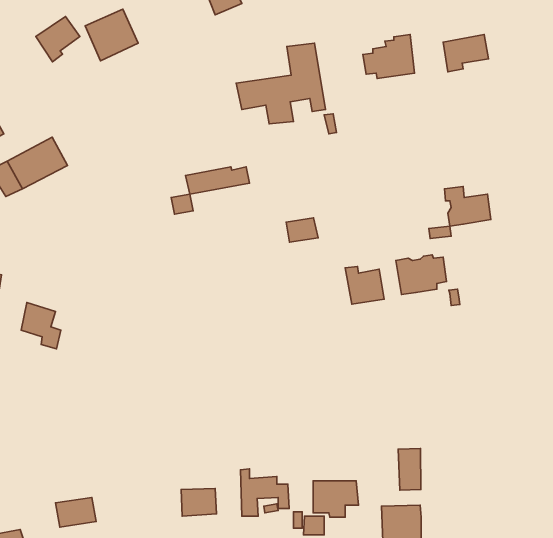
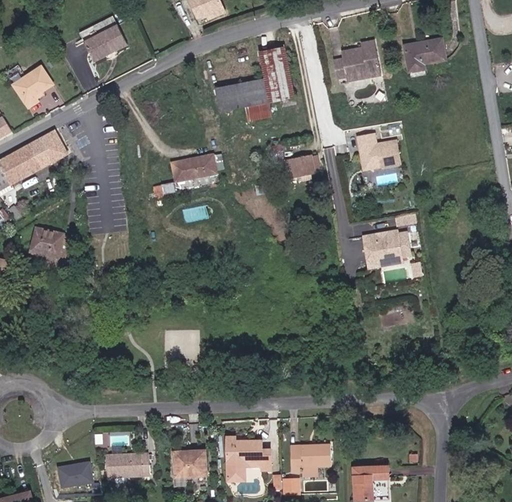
building: [36,17,80,62] -> [14,67,54,108]
building: [444,187,491,226] -> [359,133,401,169]
building: [286,218,318,242] -> [287,155,316,177]
building: [345,266,384,304] -> none
building: [21,303,61,349] -> [26,222,62,264]
building: [398,448,421,490] -> none
building: none -> [115,449,147,471]

